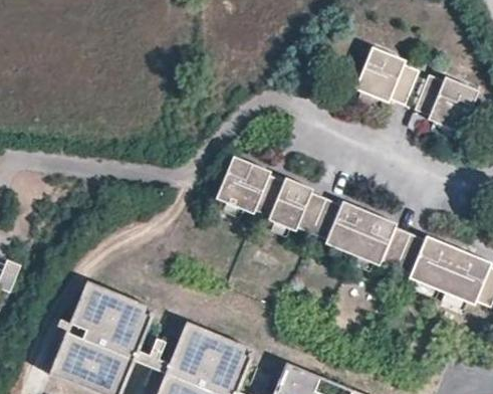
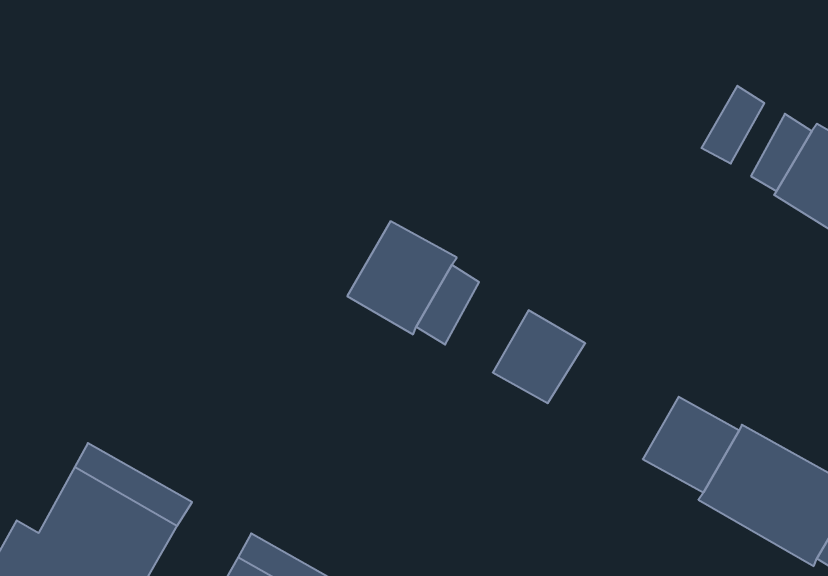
building: [357,46,405,101] -> none
building: [269,177,312,229] -> none
building: [325,201,396,263] -> none

